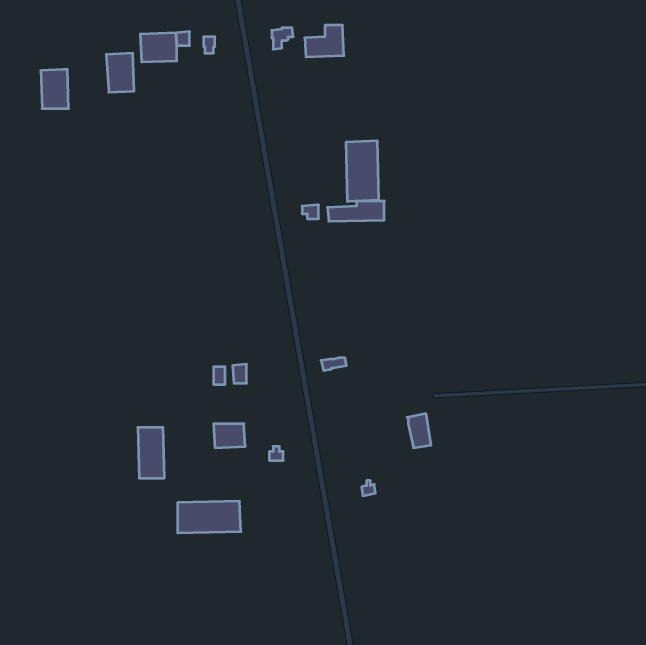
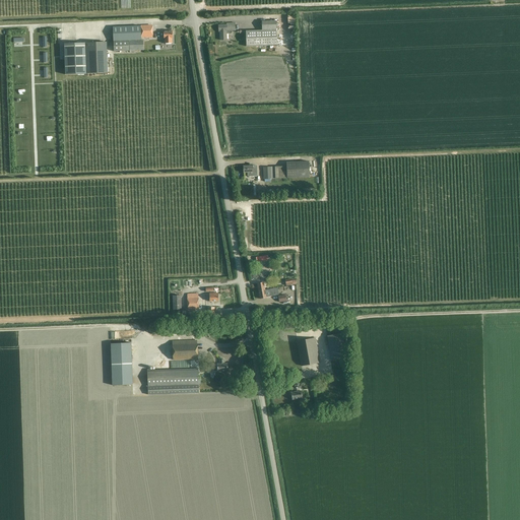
building: [41,69,69,109] -> [64,42,86,73]
building: [346,141,378,202] -> none
building: none -> [297,337,319,365]
building: [178,501,241,533] -> [147,368,198,393]

